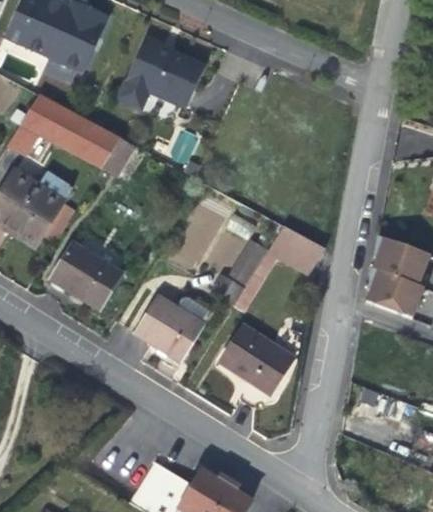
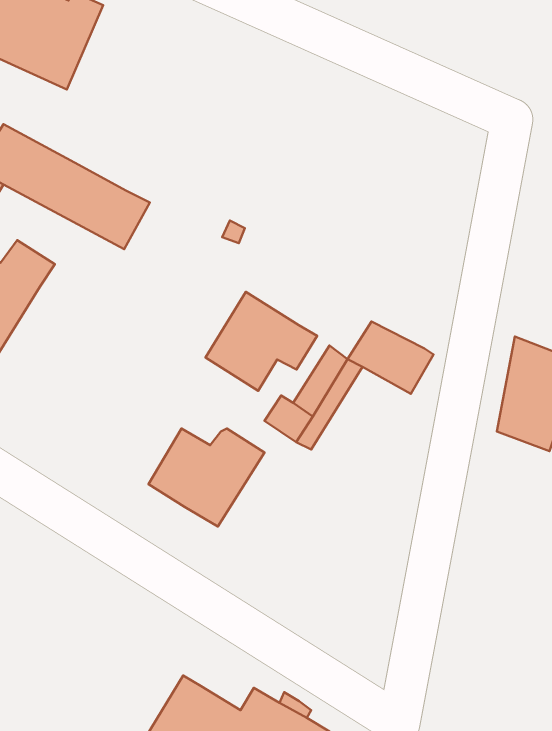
building: [117,32,202,108] -> none
building: none -> [205,292,317,391]
building: [50,242,122,310] -> none
building: [219,325,294,394] -> none

